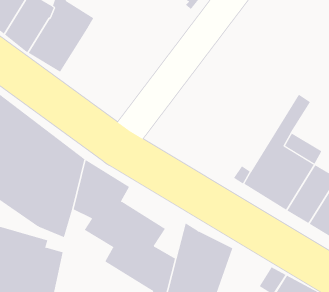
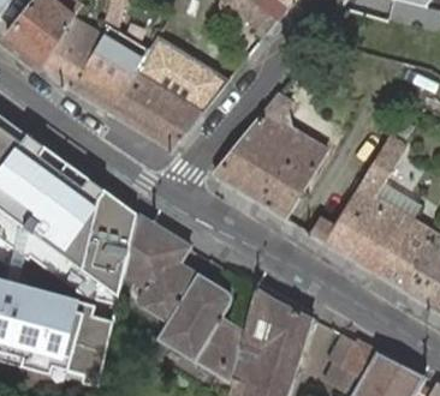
building: none -> [109,35,225,149]
building: none -> [214,95,325,216]

